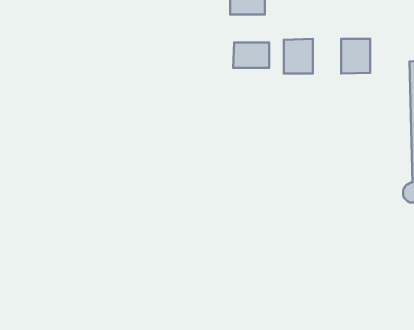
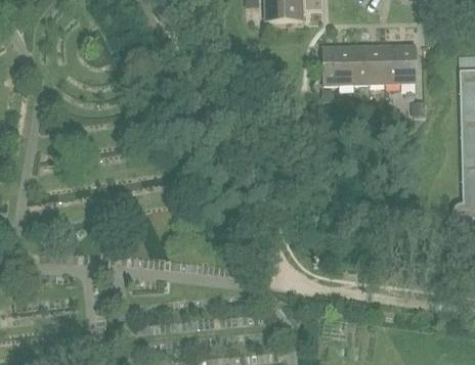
building: none -> [354,45,385,83]
building: [233,43,269,68] -> none

